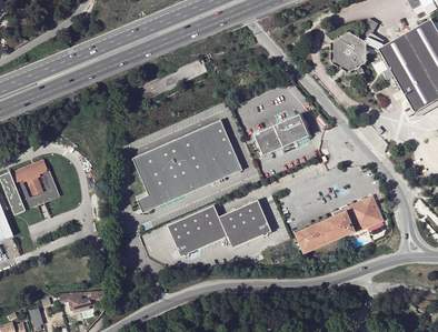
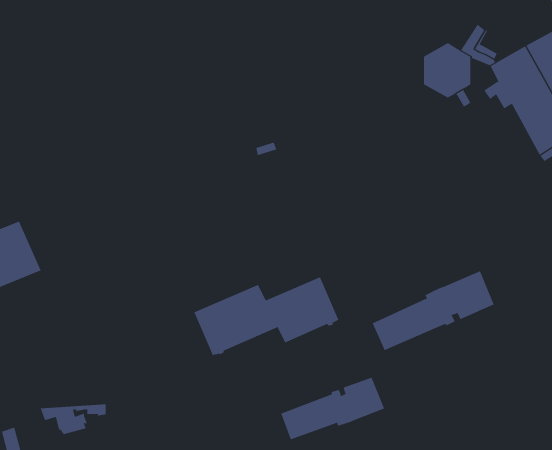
building: [253,114,308,155] -> none
building: [132,120,242,213] -> none
building: none -> [280,377,385,440]

